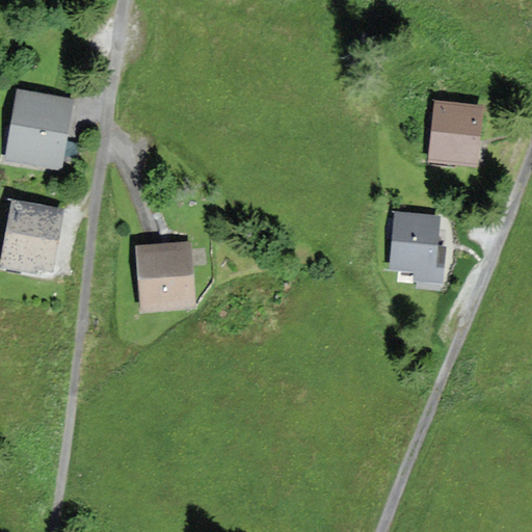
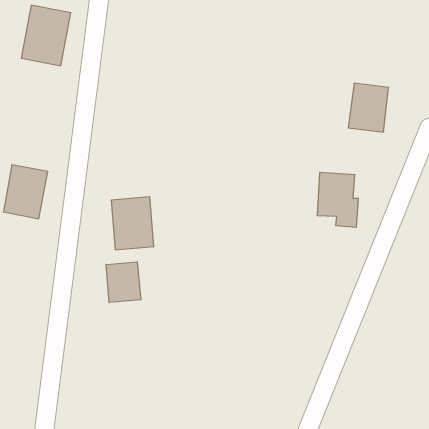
building: [8,92,70,167] -> [21,5,71,66]
building: none -> [106,262,141,303]

